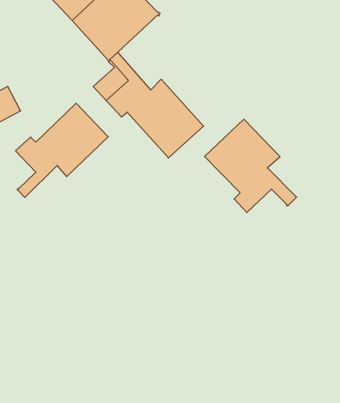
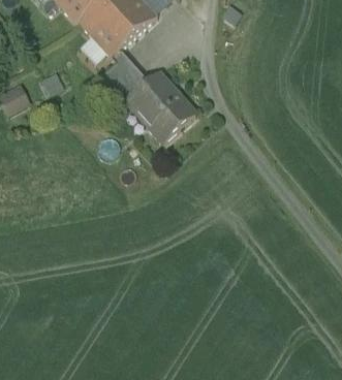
building: [16,103,108,197] -> none
building: [205,119,297,213] -> none

